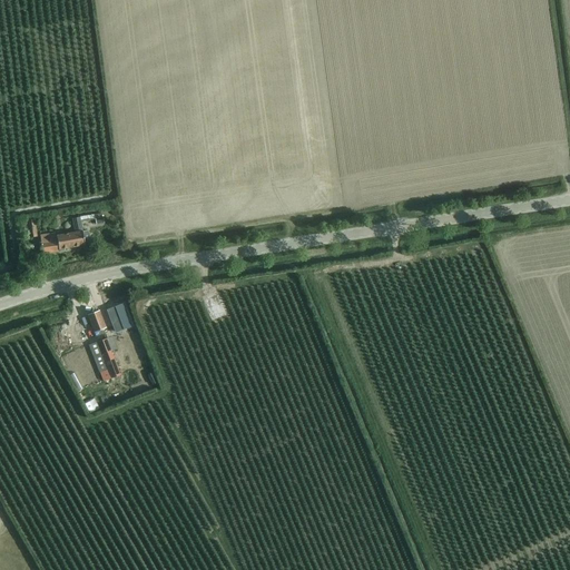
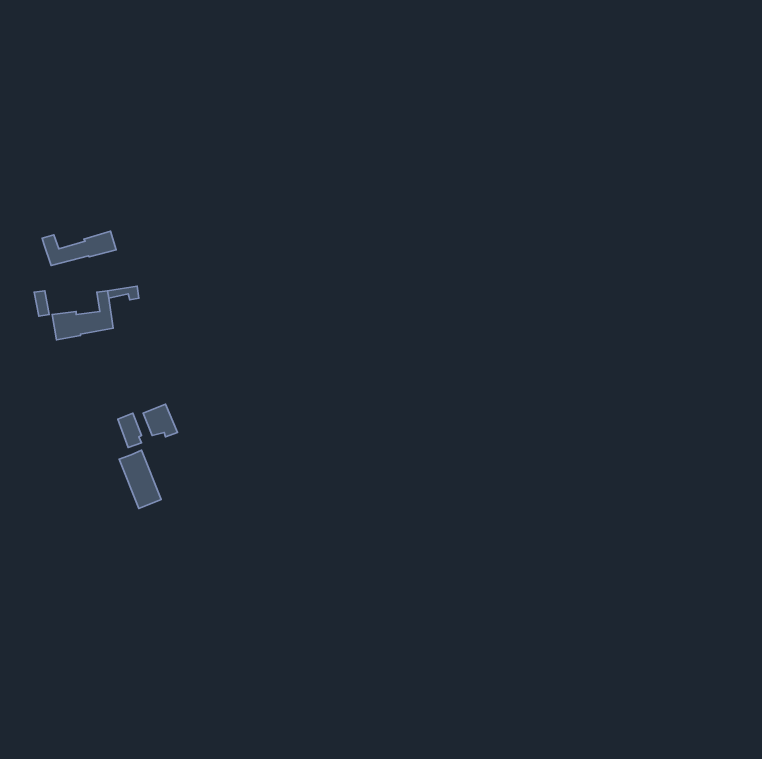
building: none -> [42,231,116,265]

